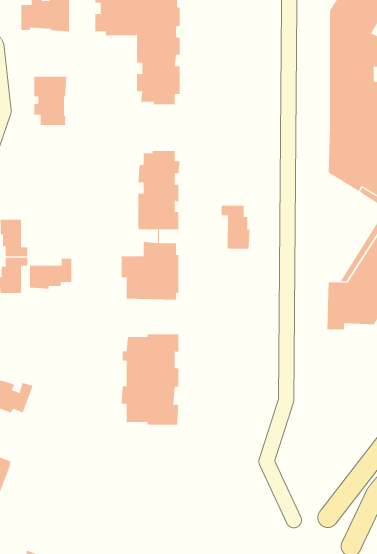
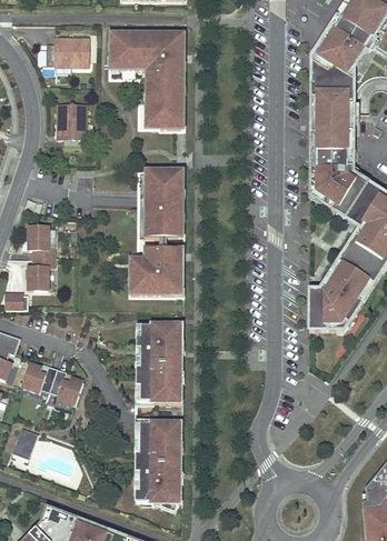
building: [221,205,250,249] -> none
building: [30,258,72,290] -> none
building: none -> [49,369,83,404]
building: none -> [132,420,181,502]

